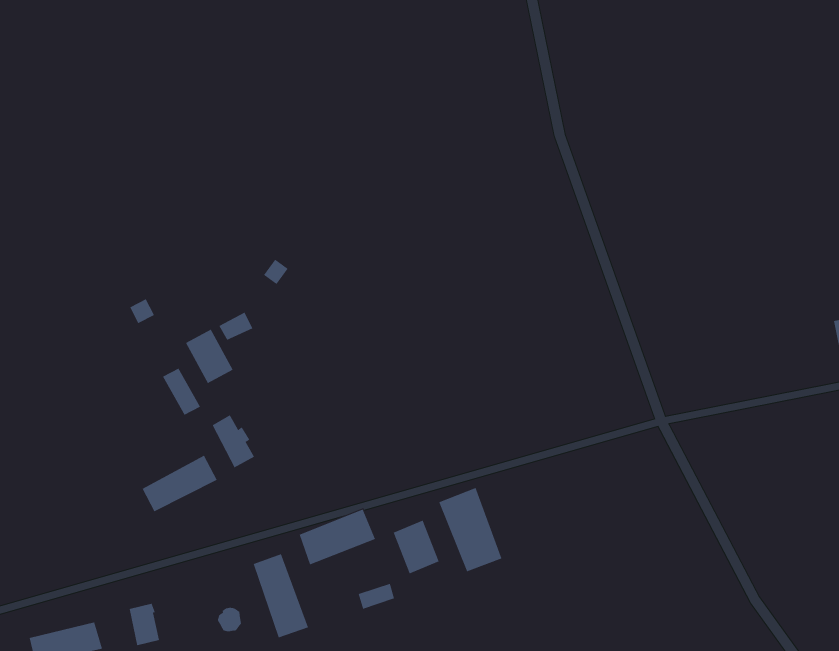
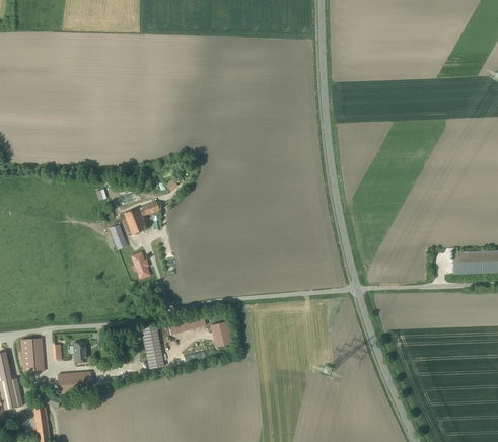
building: [142,455,218,512] -> none
building: [438,487,502,572] -> none

